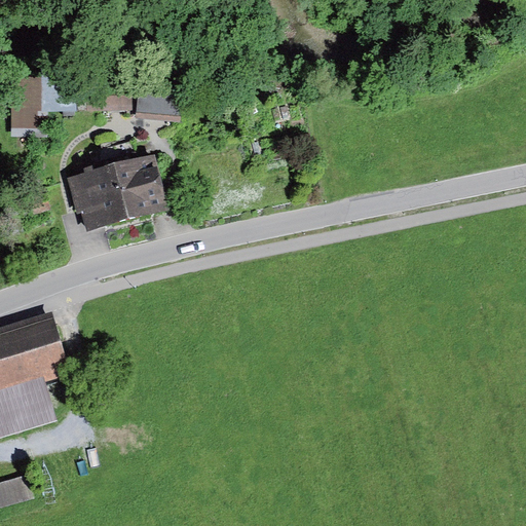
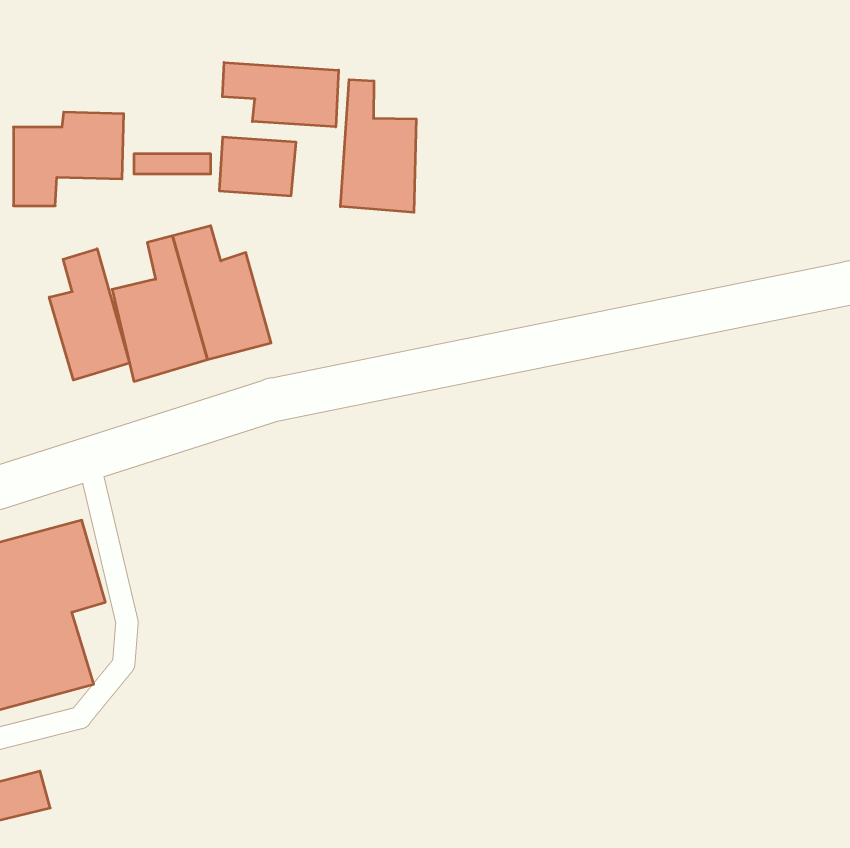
building: none -> [222,62,339,127]
building: none -> [340,80,416,212]
building: none -> [49,249,130,380]

